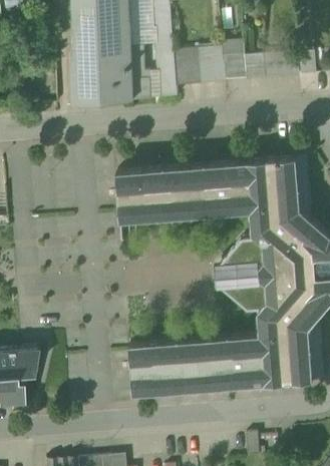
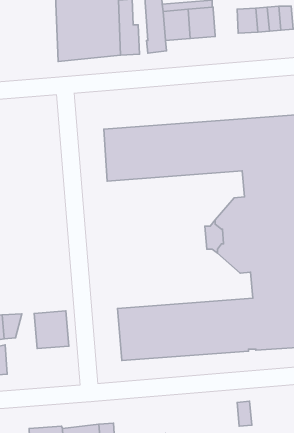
building: [224,53,248,80] -> none
building: none -> [34,311,69,348]

